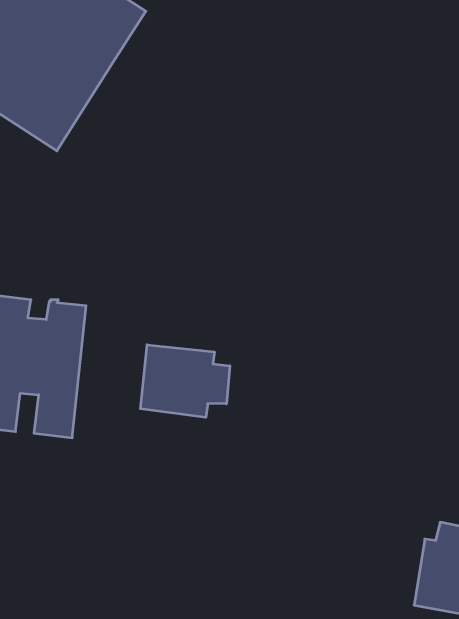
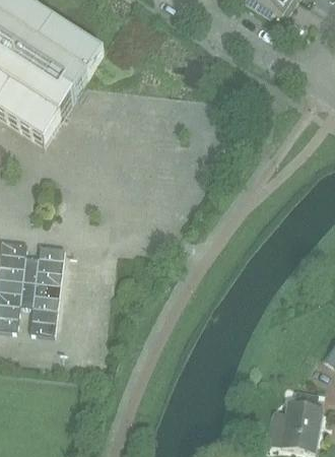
building: [140,345,230,417] -> none

